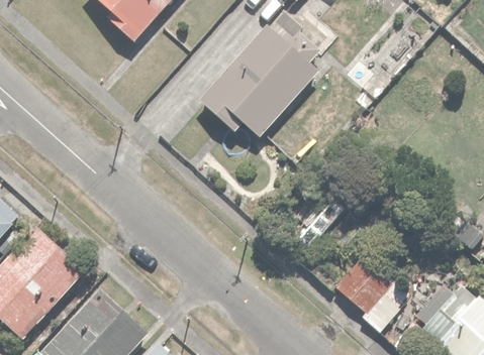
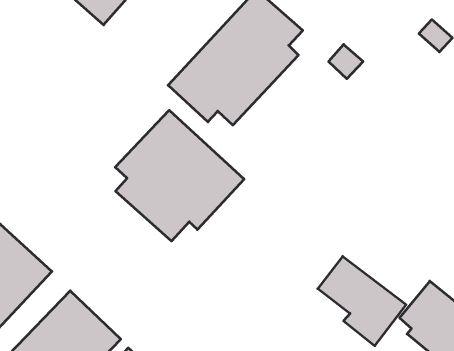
building: none -> [115,110,244,241]

